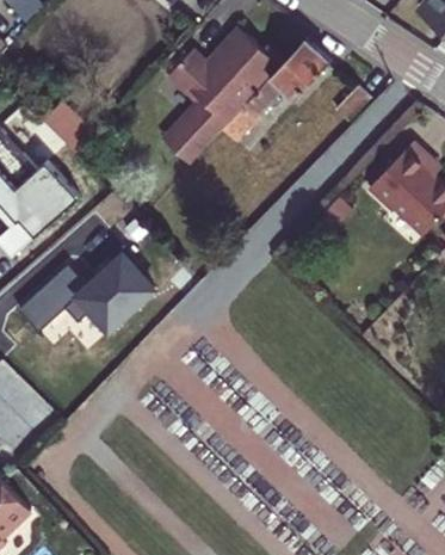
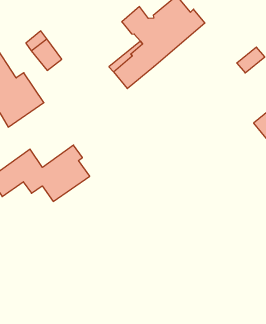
building: [222,38,330,141] -> none

